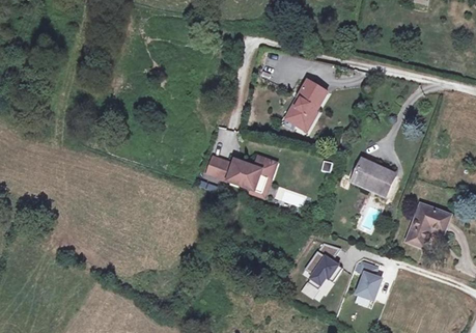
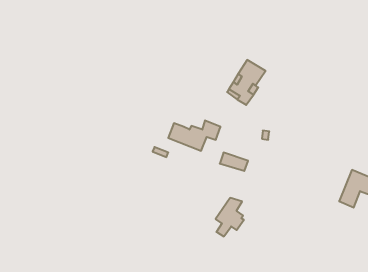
building: [352,160,393,196] -> none
building: [308,245,340,288] -> [216,198,244,236]
building: [357,261,380,299] -> none

